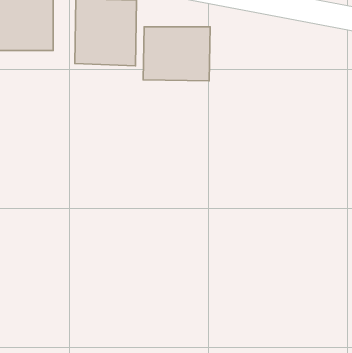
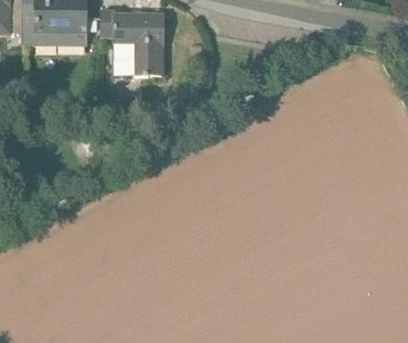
building: [143,27,210,81] -> none

